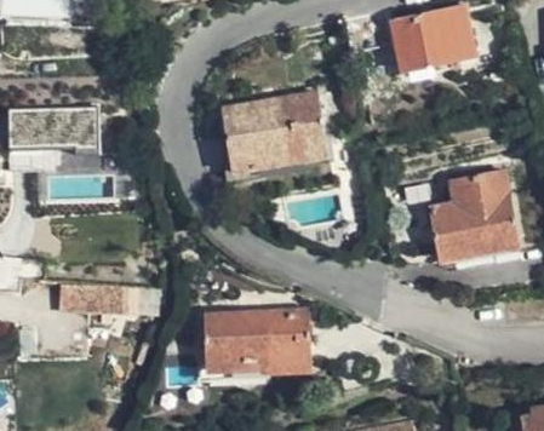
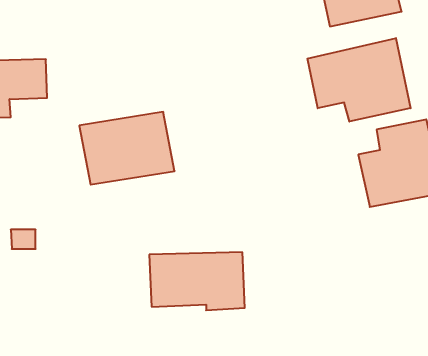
building: none -> [307,38,411,122]
building: [223,93,325,171] -> [79,112,175,185]

